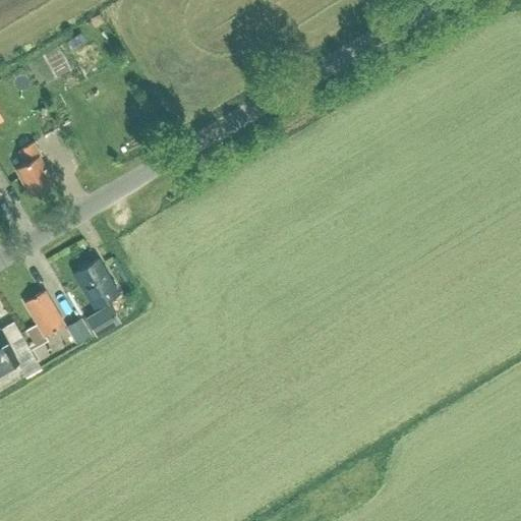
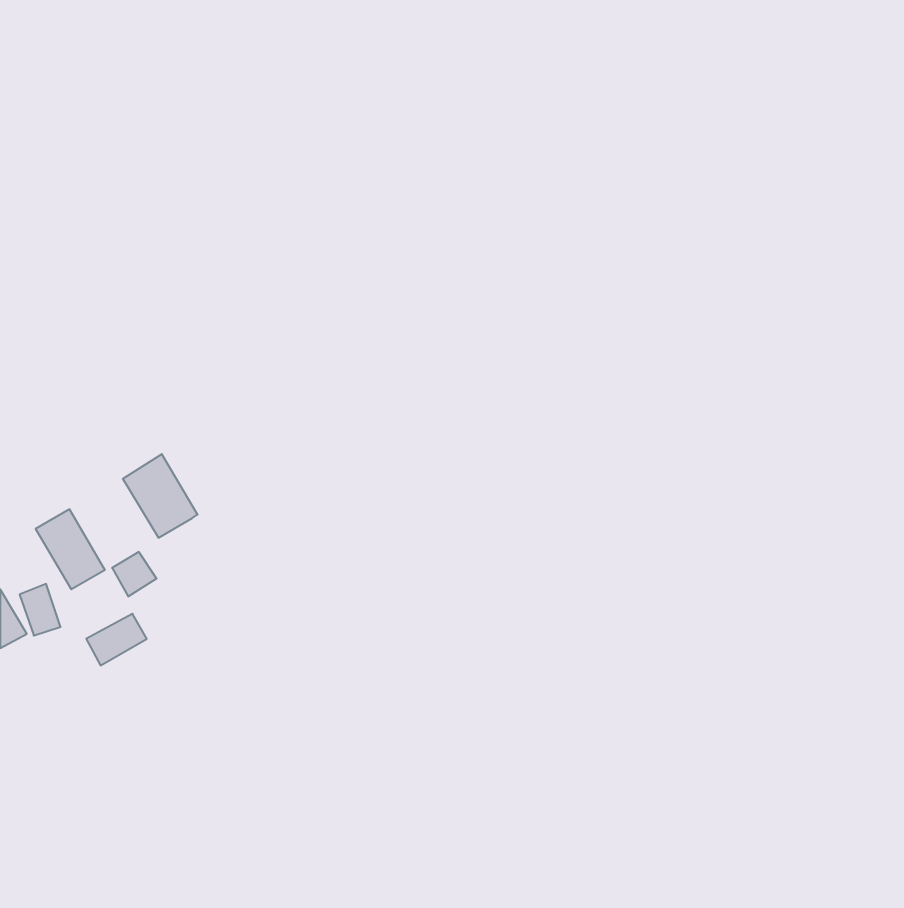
building: [16,142,55,195] -> none
building: [86,305,121,335] -> [86,614,147,665]

